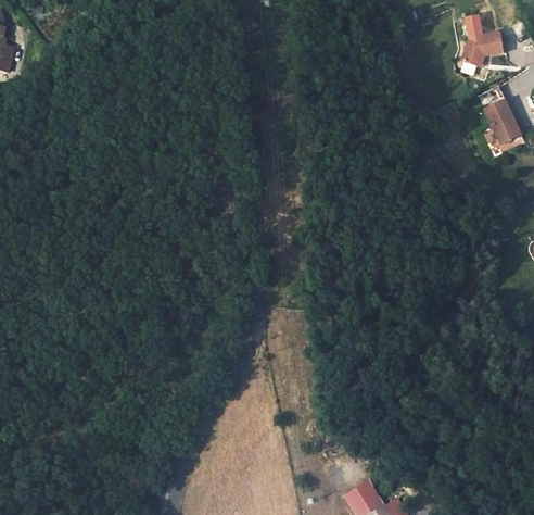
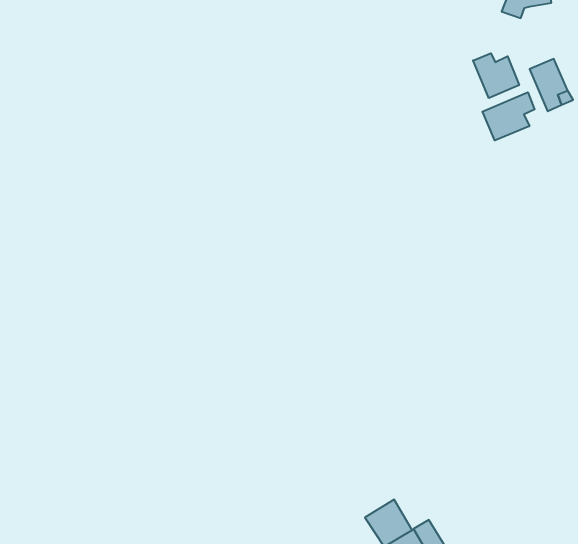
building: none -> [473,53,519,98]
building: none -> [482,92,535,140]

